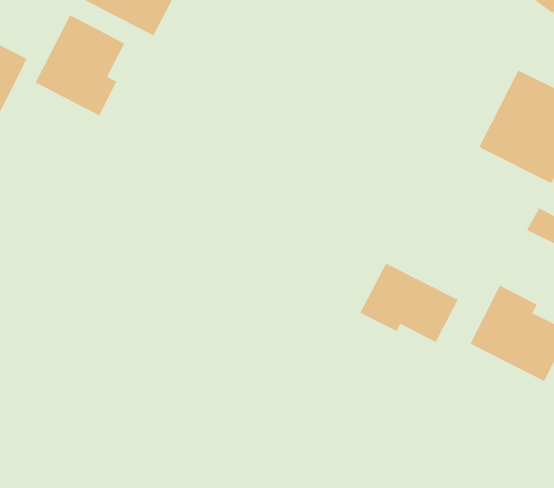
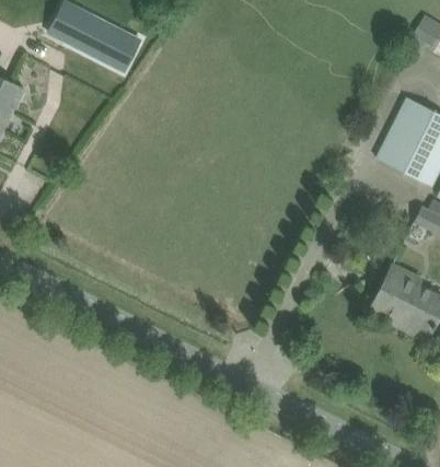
building: [35,14,125,116] -> none
building: [360,263,458,343] -> none

